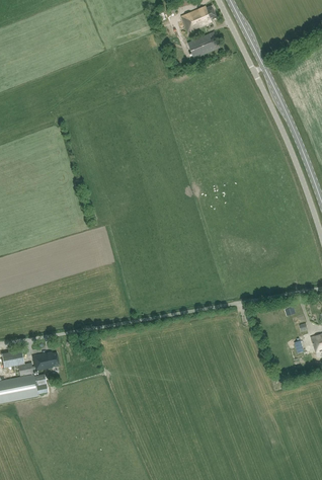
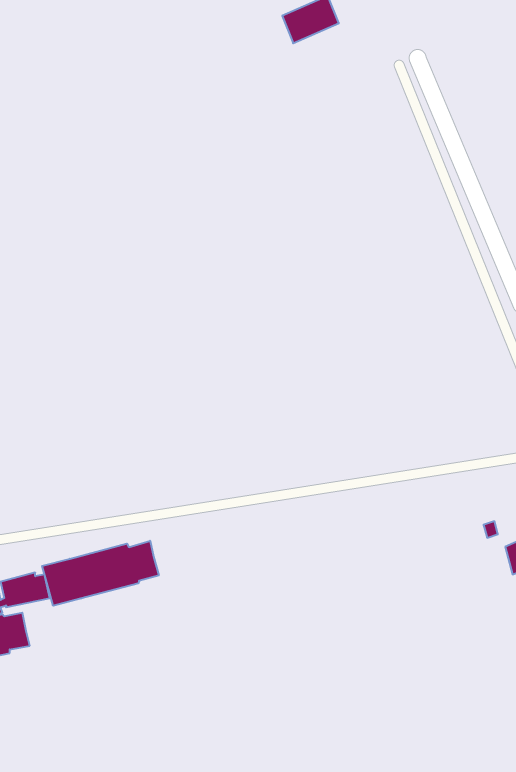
building: none -> [42,541,159,606]

